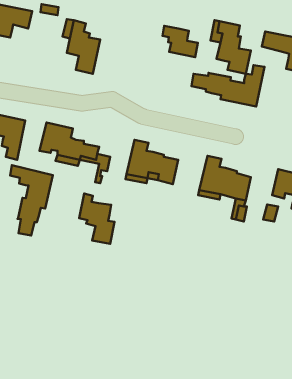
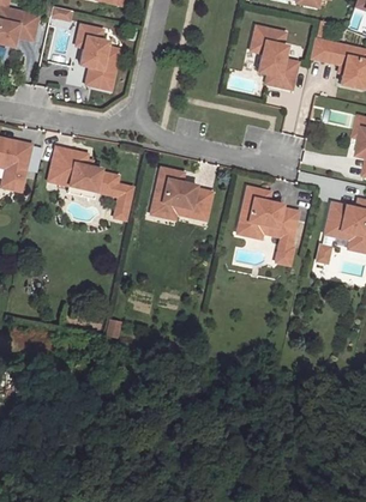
building: [162,26,198,57] -> none
building: [191,65,265,106] -> none
building: [10,165,53,236] -> none
building: [79,194,114,244] -> none

